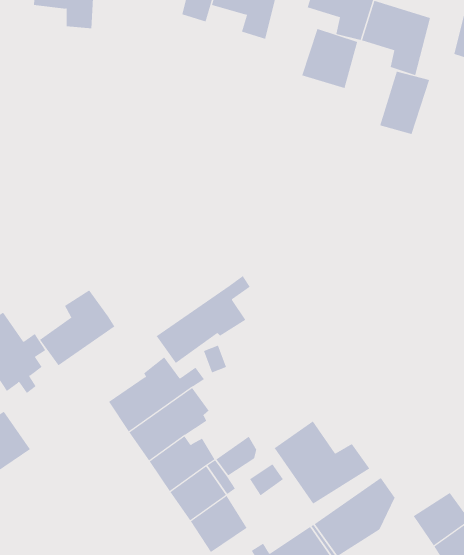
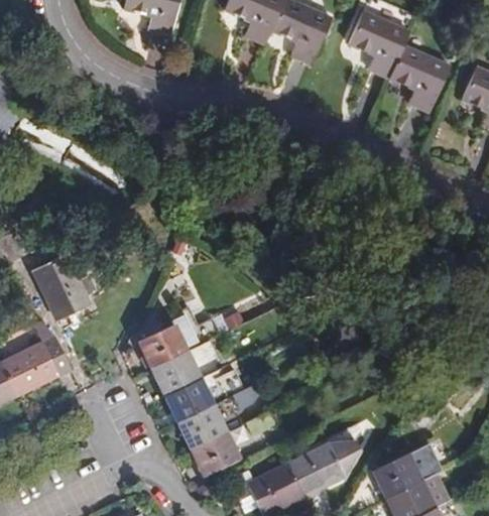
building: [301,28,358,89] -> none
building: [379,71,430,135] -> none
building: [156,275,251,364] -> none
building: [39,289,115,366] -> none
building: [274,421,370,505] -> none

